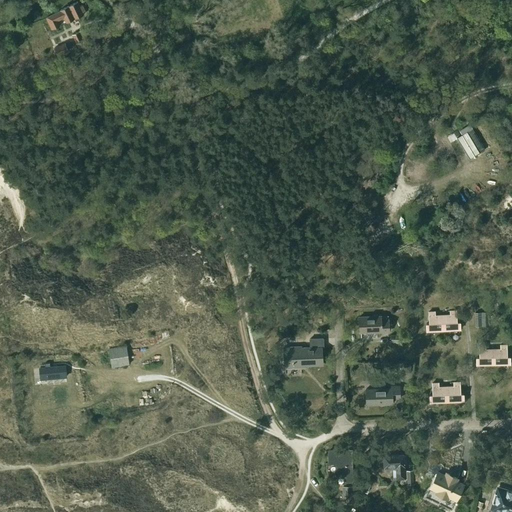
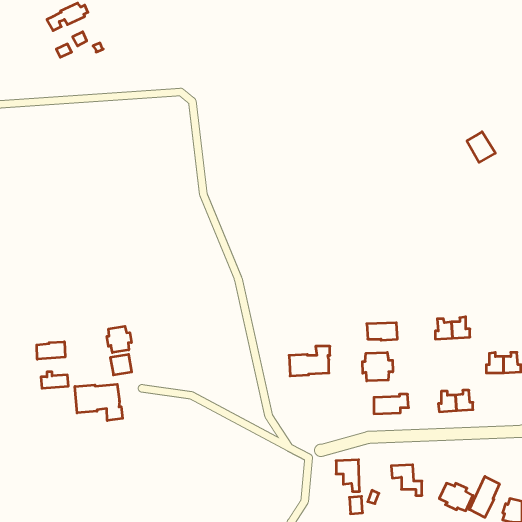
building: none -> [107,326,131,353]
building: none -> [37,342,65,359]
building: none -> [362,352,393,381]
building: none -> [75,384,123,421]
building: none -> [469,476,499,517]

